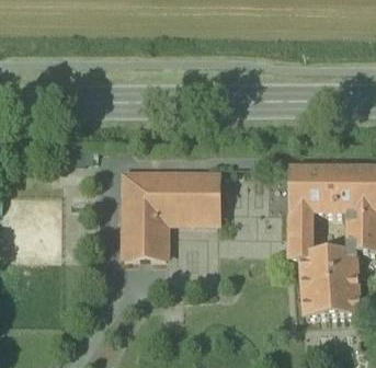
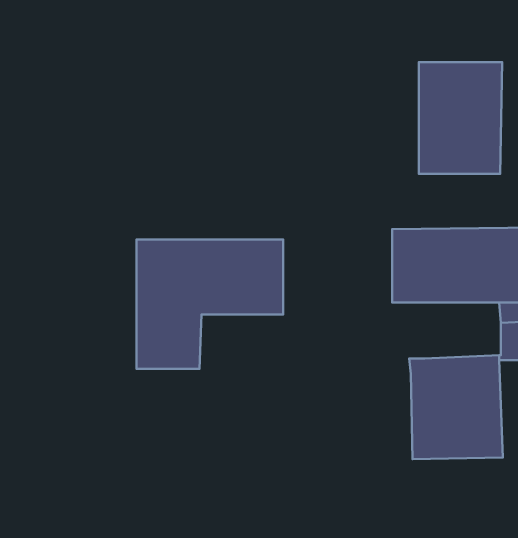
building: none -> [419,62,502,174]
building: [288,212,309,258] -> none

